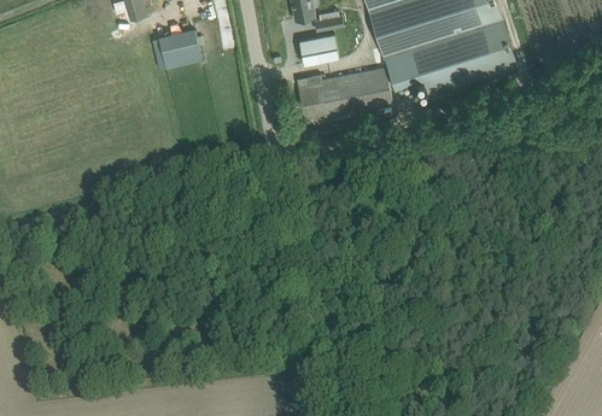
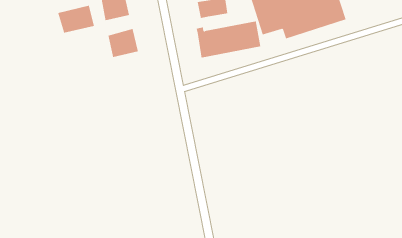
building: none -> [57,5,95,33]
building: none -> [108,28,138,58]

